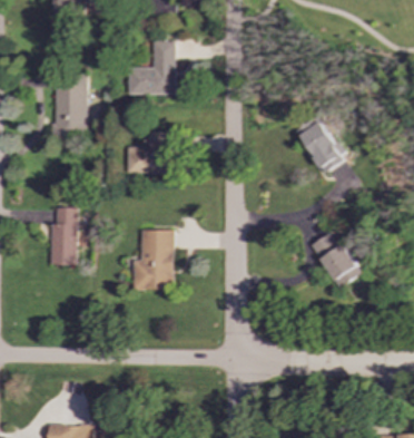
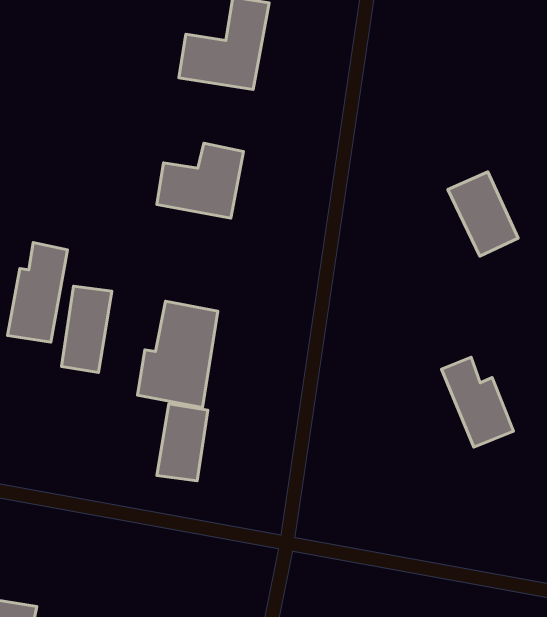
building: [52,74,86,137] -> none
building: none -> [61,286,112,372]
building: none -> [157,404,208,481]

